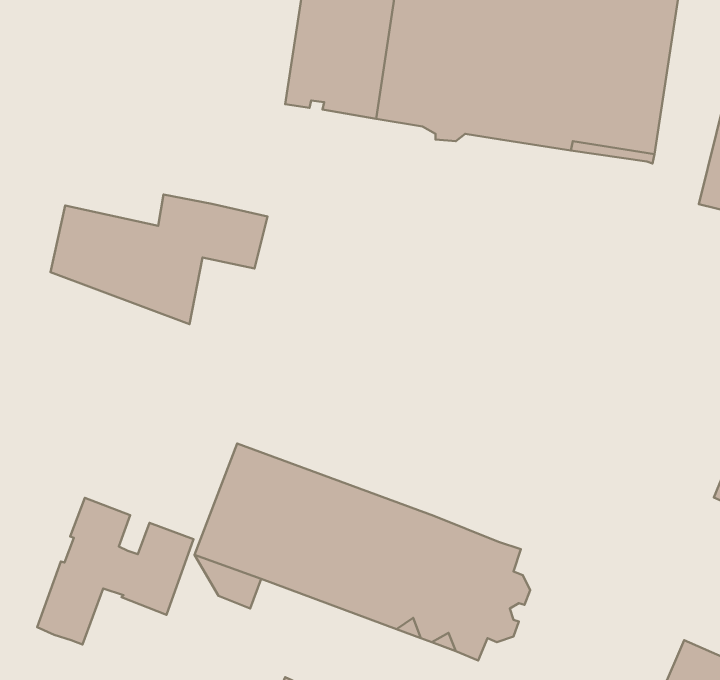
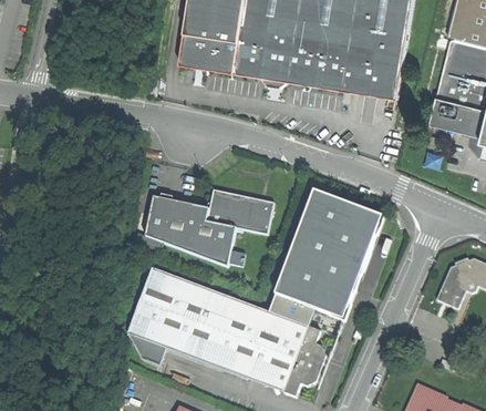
building: [50,194,267,324] -> [144,188,273,266]
building: none -> [268,189,381,325]
building: [37,498,194,645] -> none

